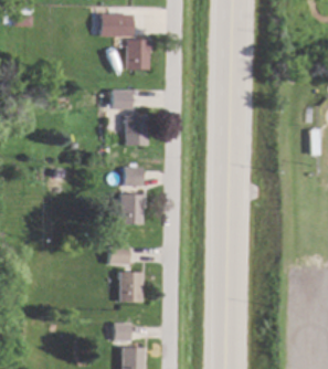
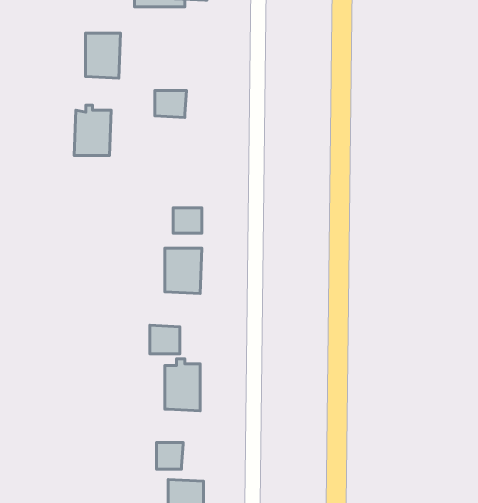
building: [126,40,149,70] -> [85,33,121,78]
building: [124,112,148,145] -> [74,105,111,156]

